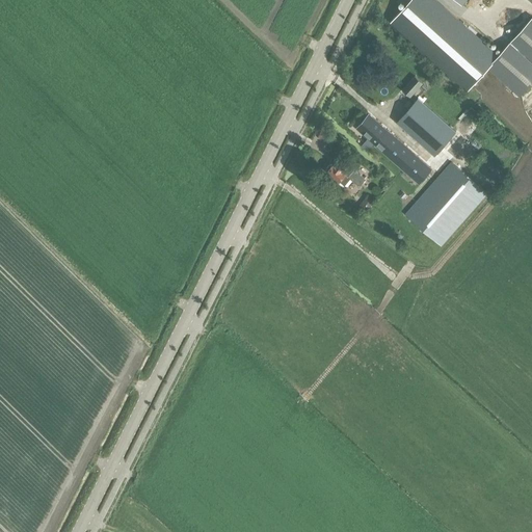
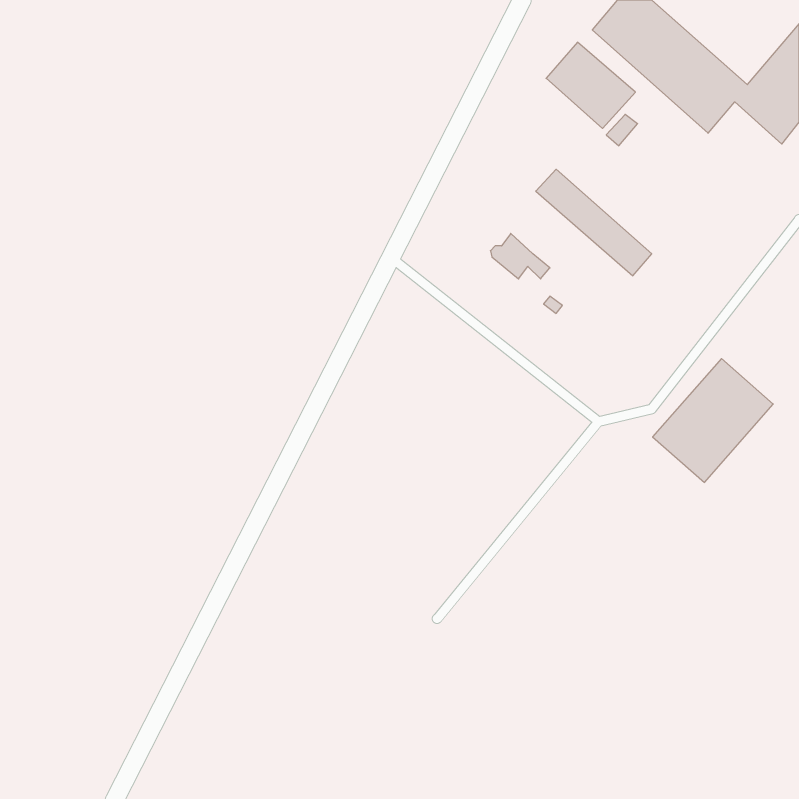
building: [397,99,456,156] -> [546,42,635,128]
building: [406,163,486,245] -> [653,359,773,482]

